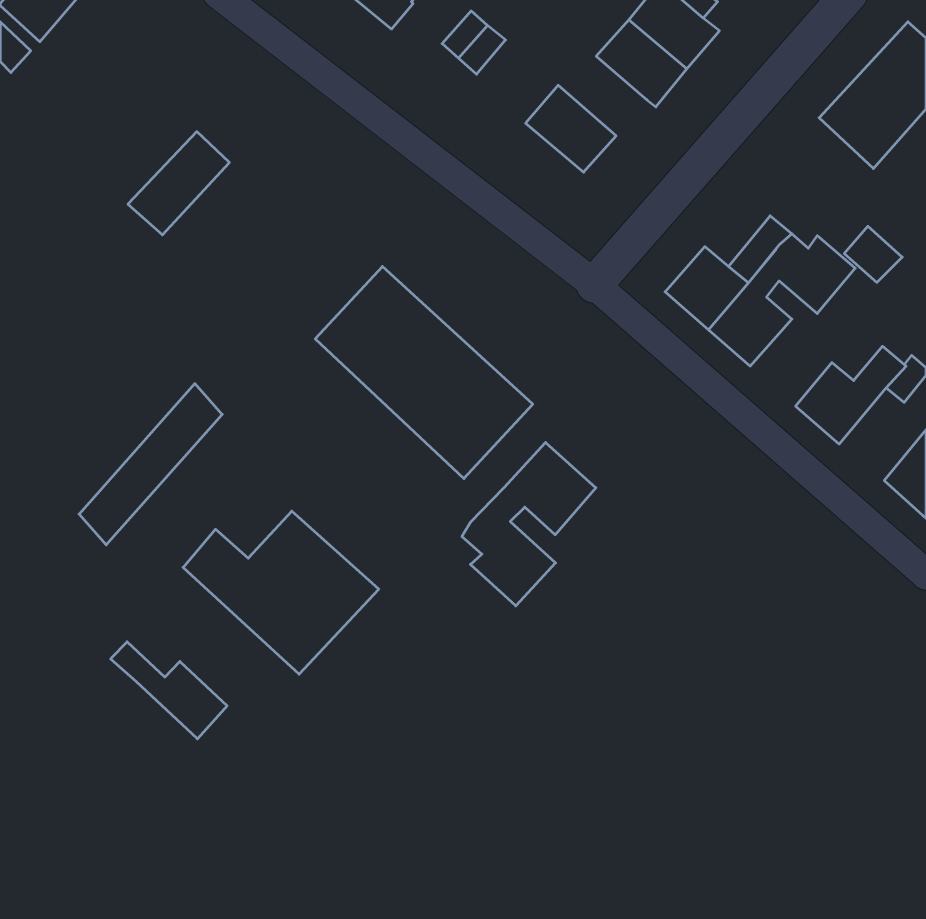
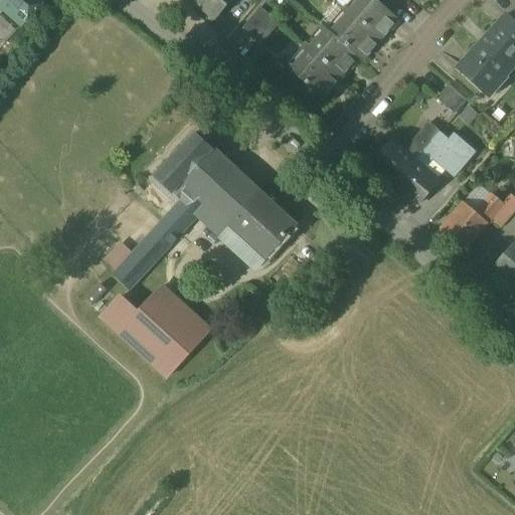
building: none -> [310,27,359,75]
building: [128,132,229,235] -> [156,131,212,188]
building: [844,226,902,282] -> [436,80,468,112]
building: [79,384,222,545] -> [115,199,194,289]
building: [462,442,596,606] -> none
building: [111,642,227,739] -> none

